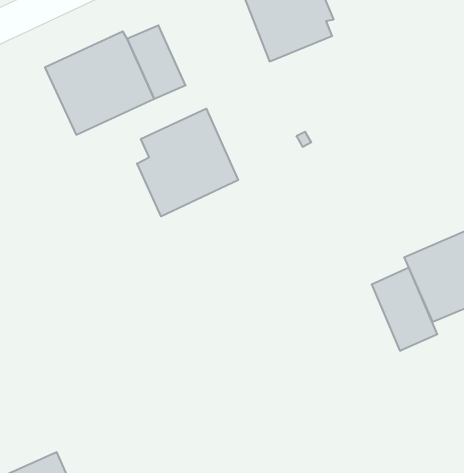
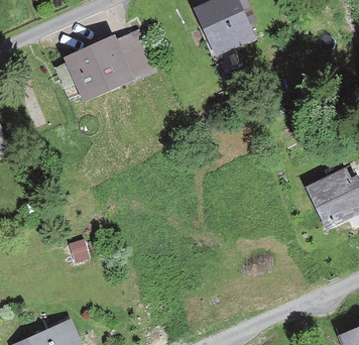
building: [137,109,238,216] -> none
building: [372,268,437,351] -> none

